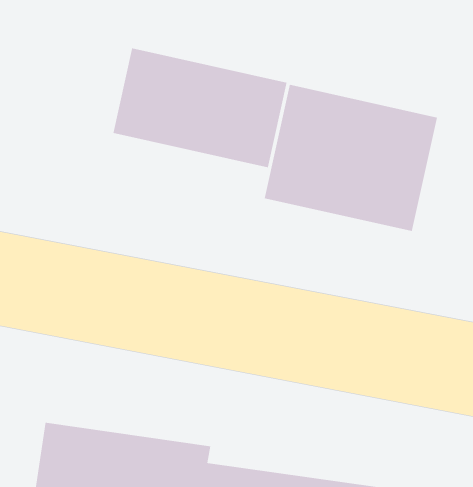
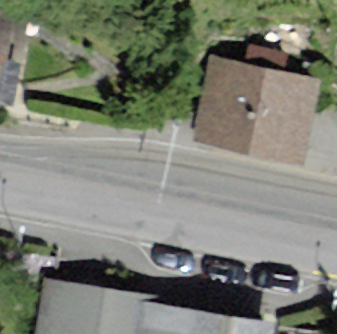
building: [113,48,287,168] -> none

